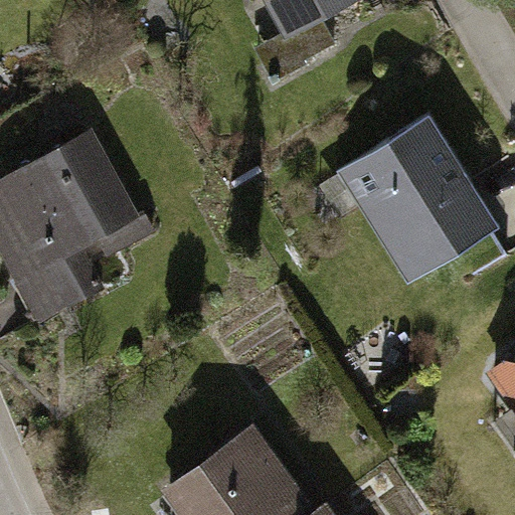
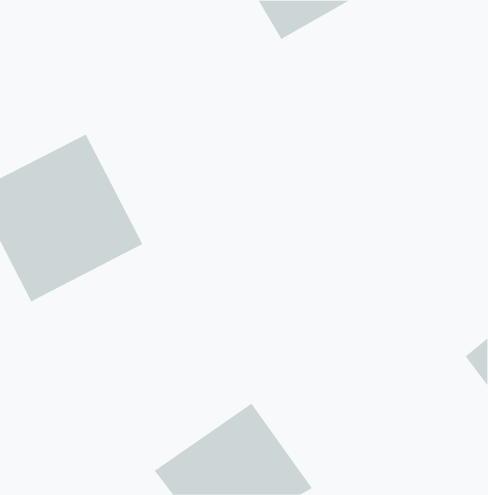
building: [344,128,485,277] -> none

